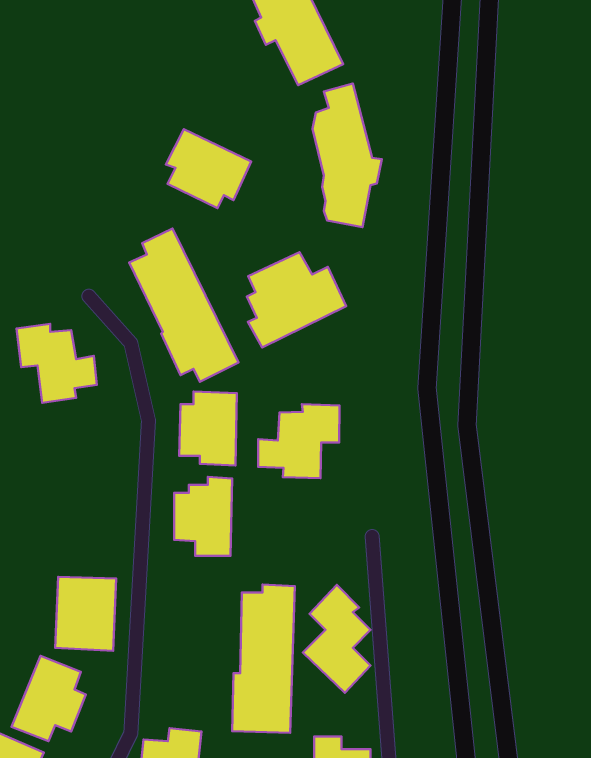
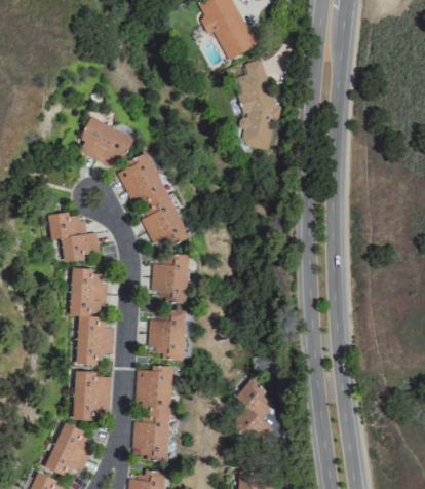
building: [166,129,251,208] -> [80,117,134,167]
building: [247,252,346,348] -> none
building: [258,404,339,478] -> none
building: none -> [70,267,115,364]
building: [232,585,295,733] -> [132,365,172,459]

